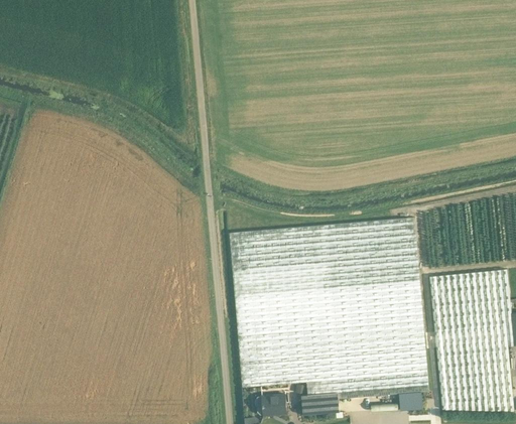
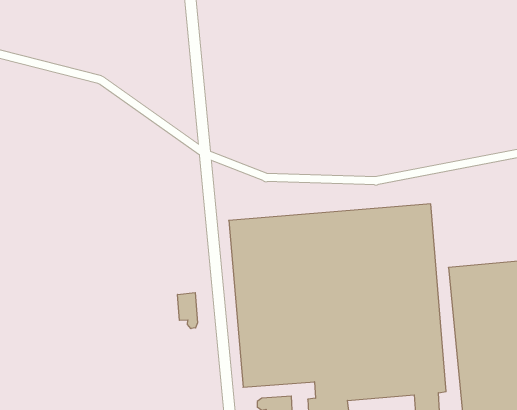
building: none -> [178,293,198,329]

